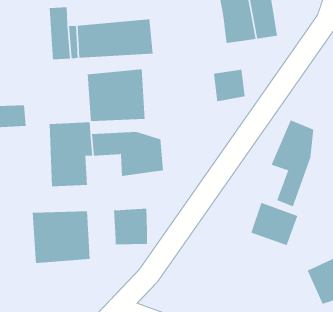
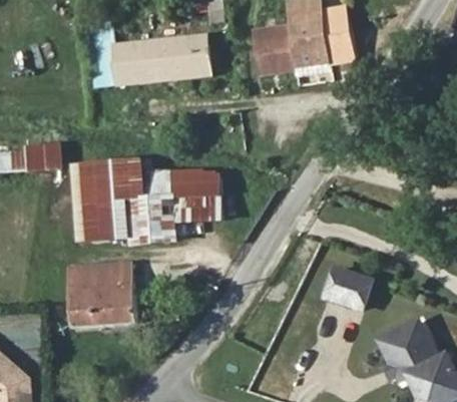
building: [87,69,145,122] -> none
building: [213,69,246,102] -> [257,35,295,73]
building: [271,120,314,207] -> none
building: [113,208,148,245] -> [130,197,171,241]

